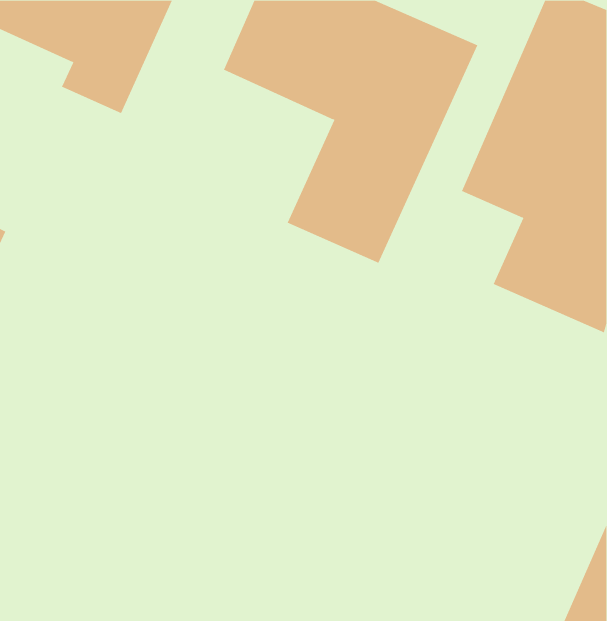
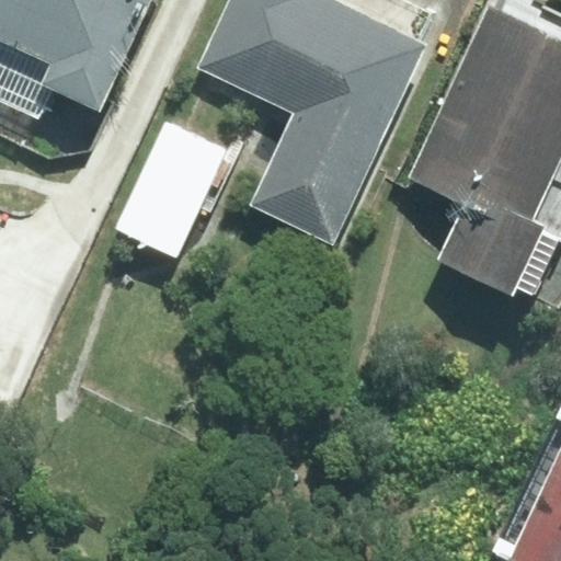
building: none -> [117,122,228,256]

